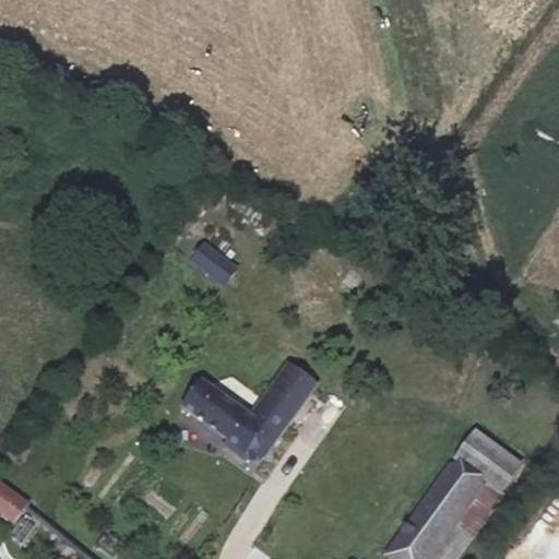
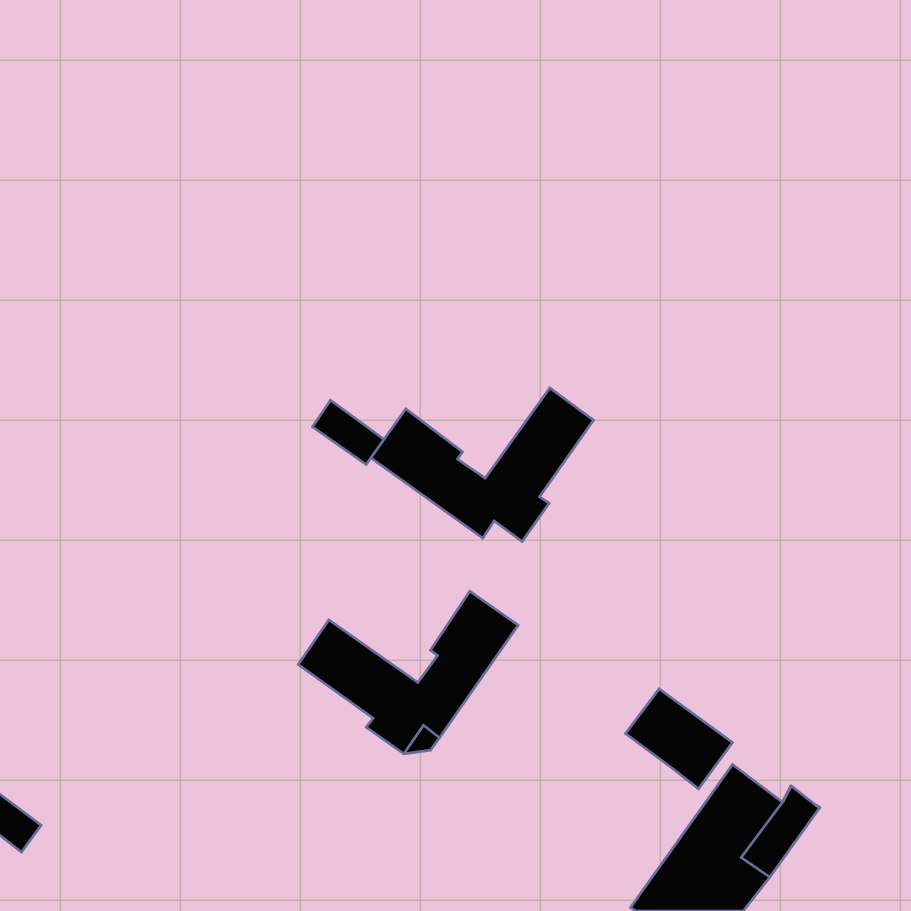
building: none -> [371,388,594,541]
building: [454,431,520,492] -> [625,689,733,789]

